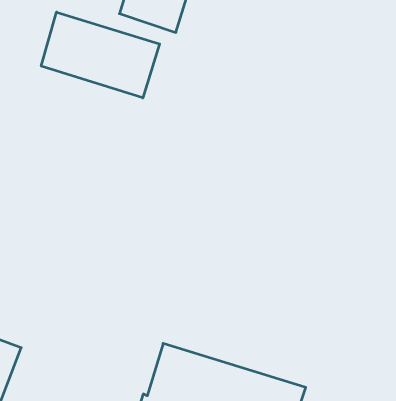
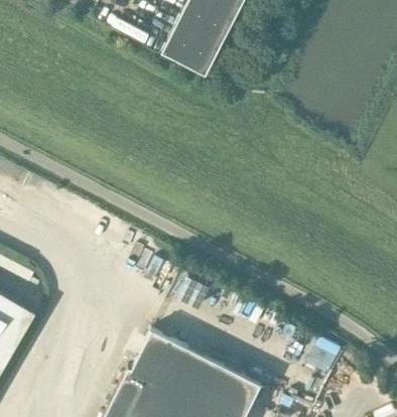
building: [41,12,160,98] -> none

